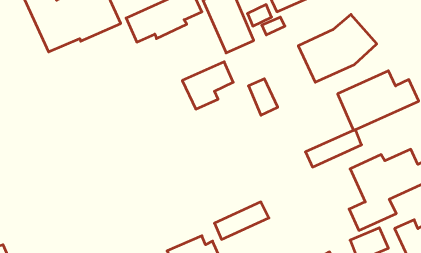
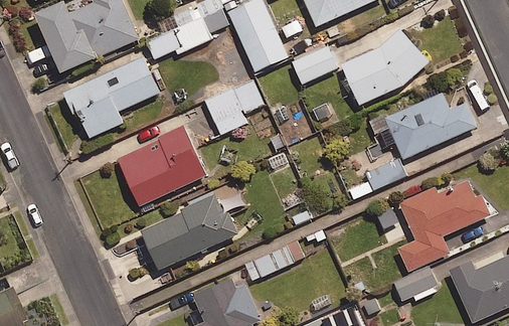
building: none -> [295,45,340,85]
building: none -> [63,56,159,139]
building: none -> [116,126,205,206]
building: none -> [140,193,237,269]

